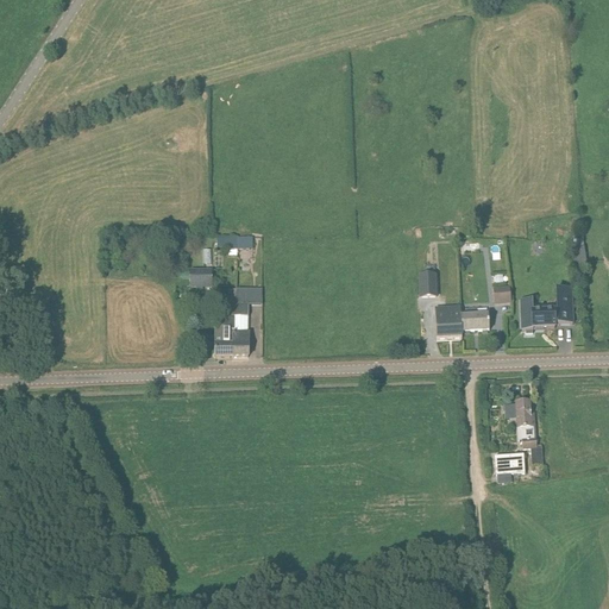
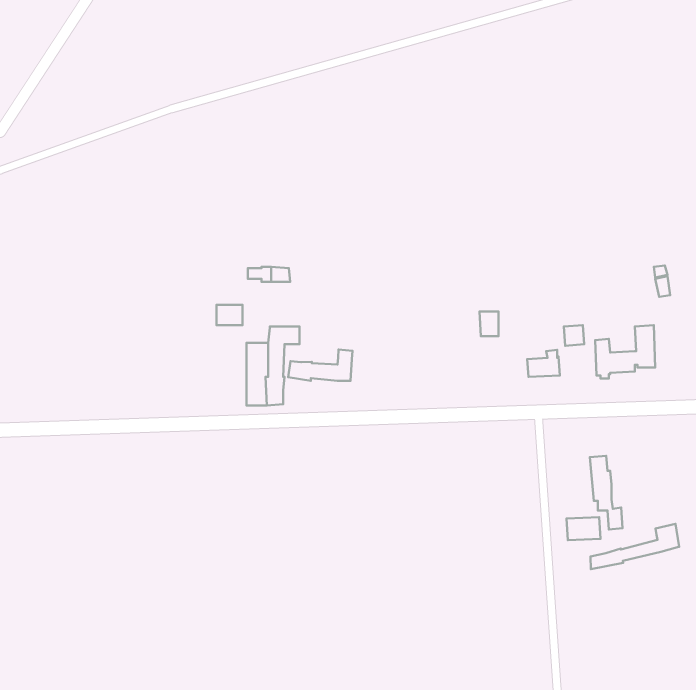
building: [434,304,462,337] -> none
building: none -> [288,349,352,381]
building: none -> [590,524,679,569]

